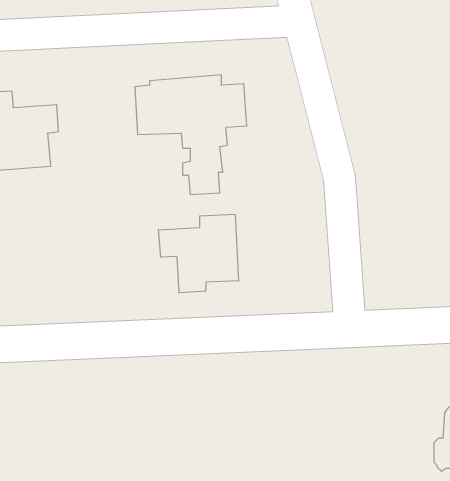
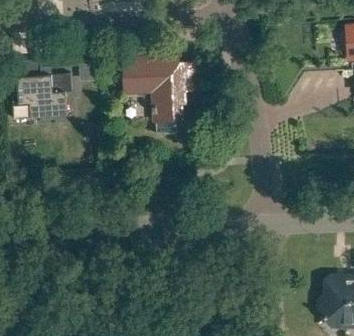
building: [159,214,238,293] -> none

